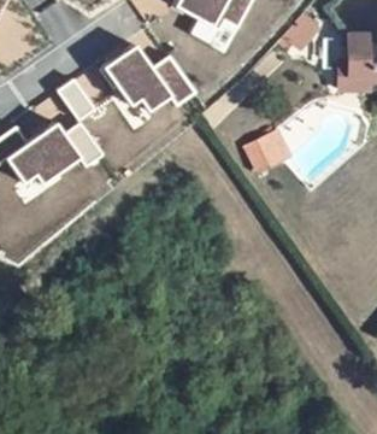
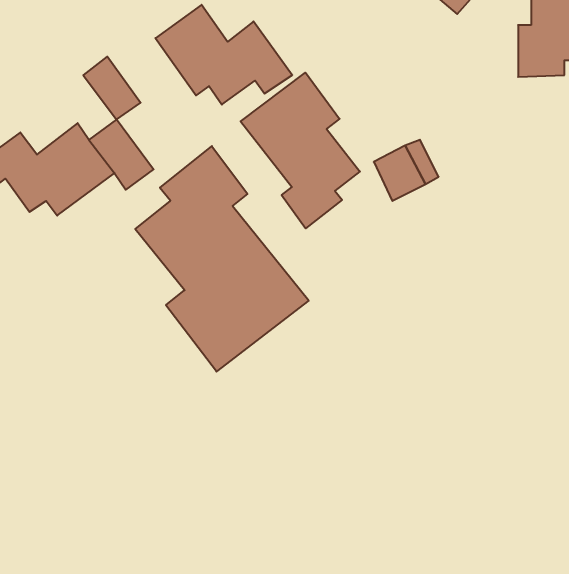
building: none -> [241,73,360,228]
building: none -> [135,146,309,372]

